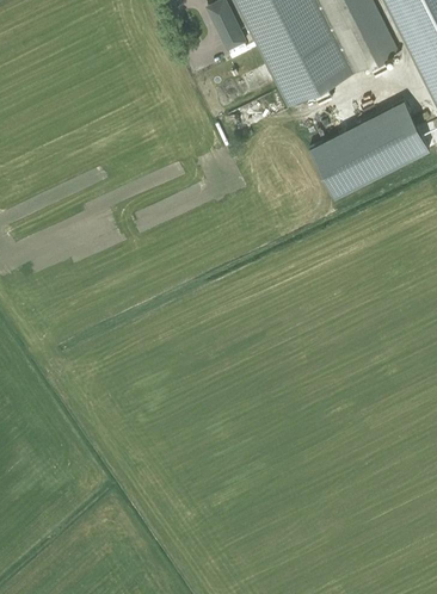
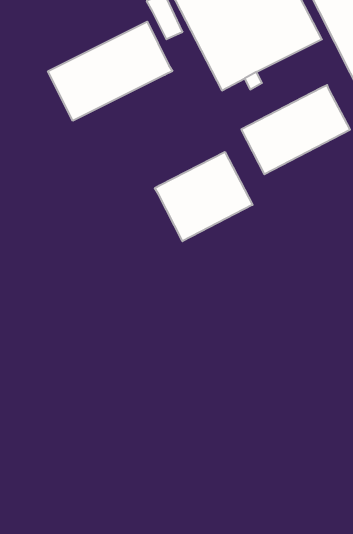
building: none -> [48,22,172,121]
building: none -> [155,152,253,241]

